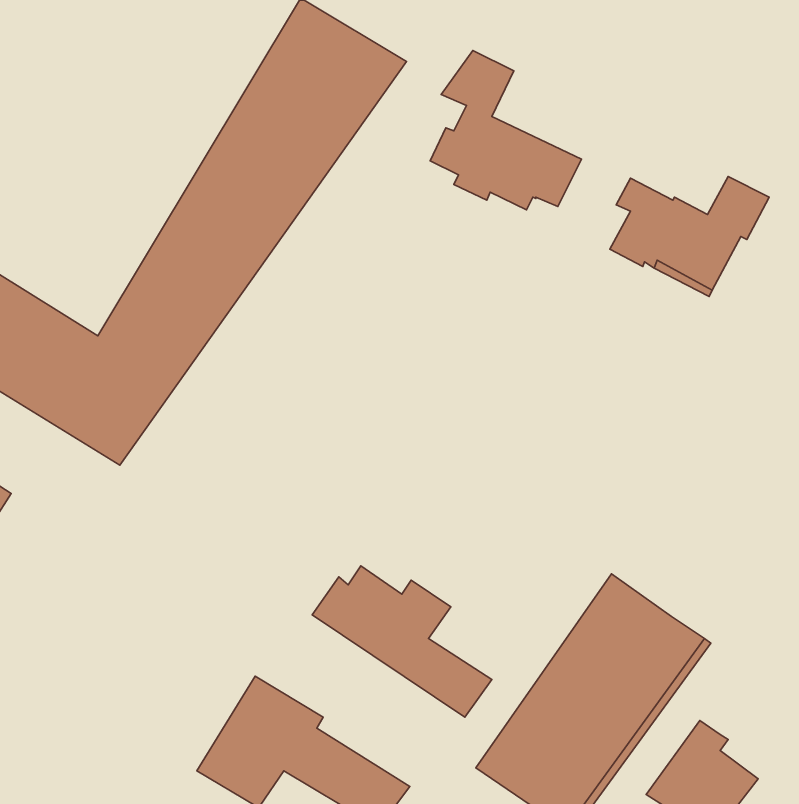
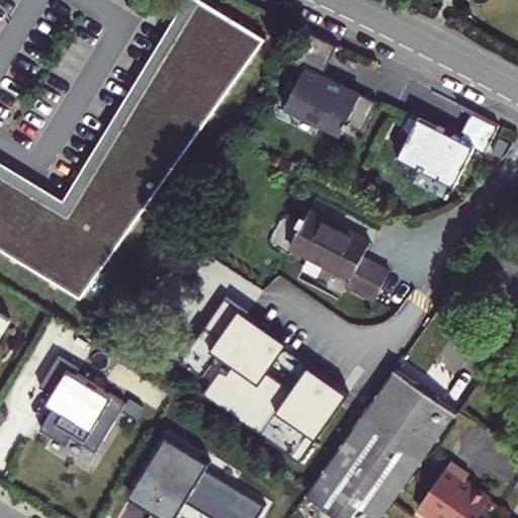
building: none -> [287,209,385,298]
building: none -> [204,300,285,382]
building: none -> [36,357,121,452]
building: none -> [275,365,345,437]

